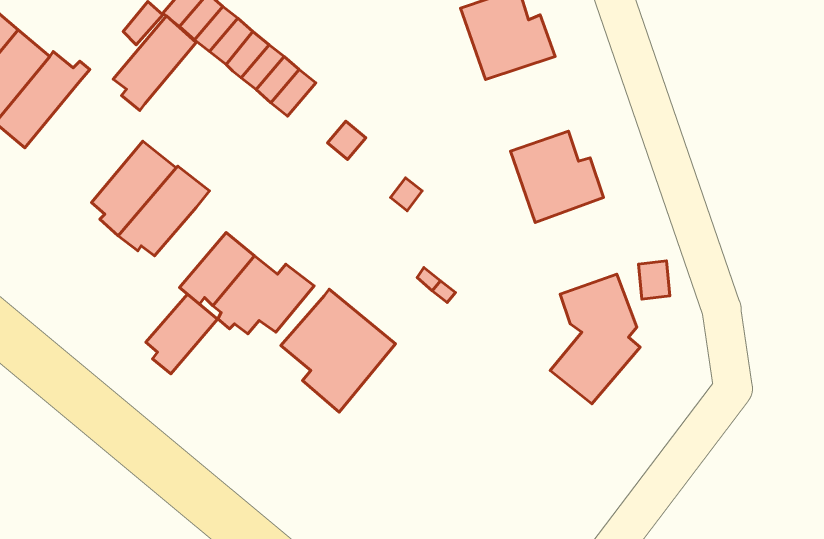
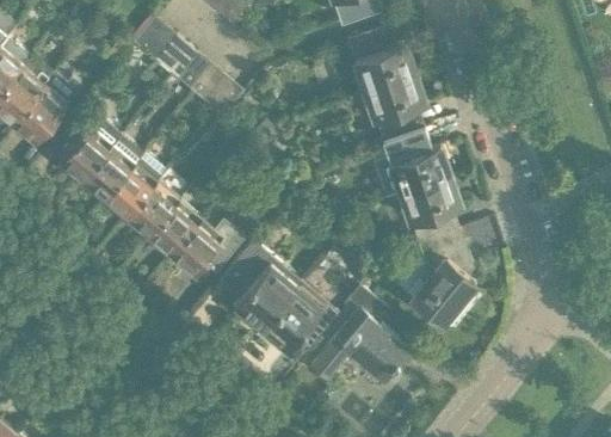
building: [113,16,196,111] -> [58,117,118,185]
building: none -> [364,75,424,143]
building: none -> [400,177,459,246]
building: [146,294,217,374] -> [126,184,178,241]
building: none -> [259,282,338,353]
building: none -> [309,288,407,383]

